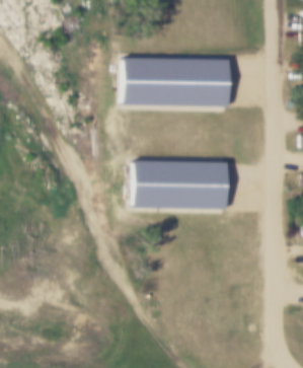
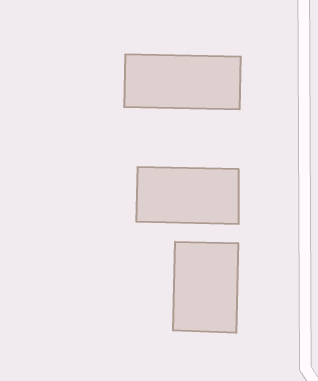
building: none -> [173,242,238,333]

